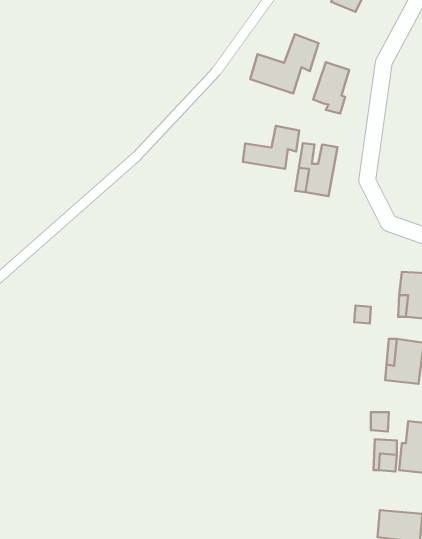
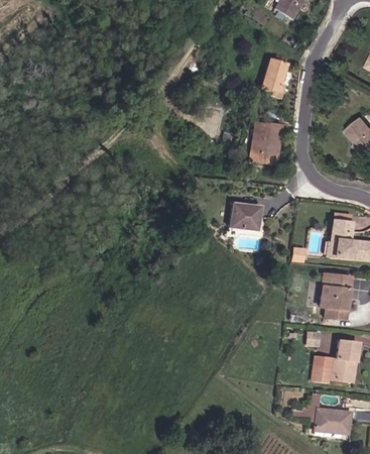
building: [250,34,319,93] -> none
building: [243,126,299,169] -> none
building: none -> [229,203,257,229]

